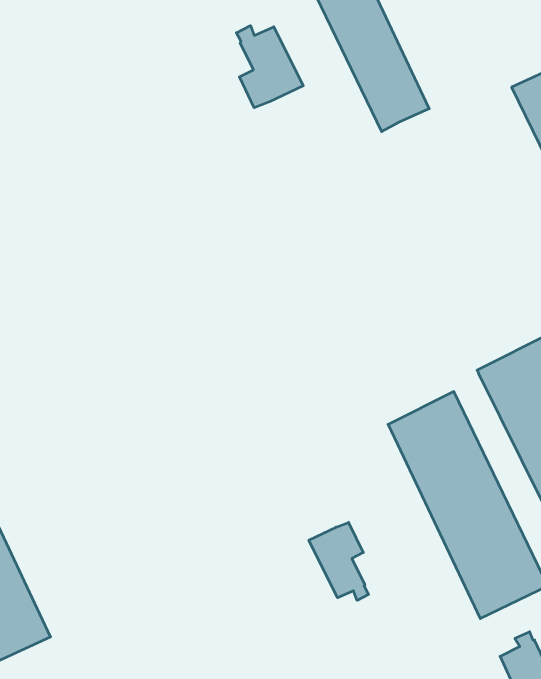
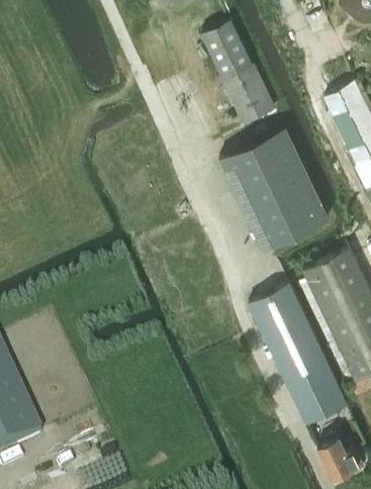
building: [236,26,303,108] -> none
building: none -> [217,127,330,253]
building: [309,522,369,600] -> none

